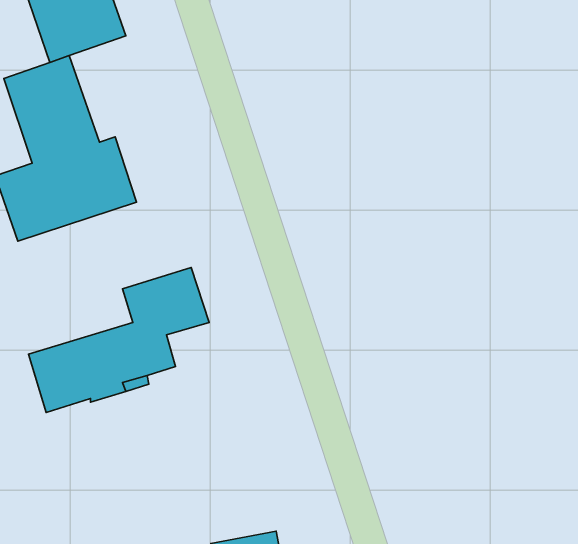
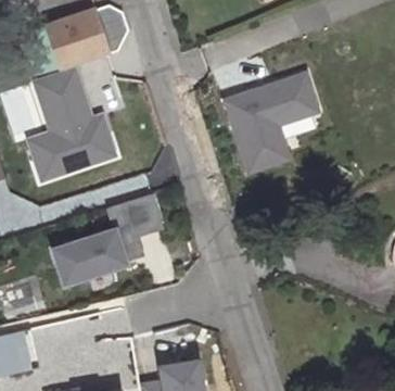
building: none -> [225,76,314,174]

